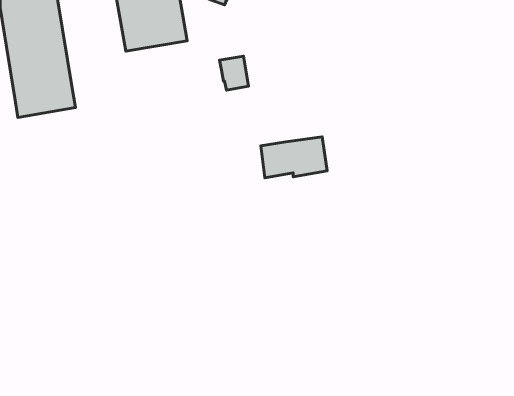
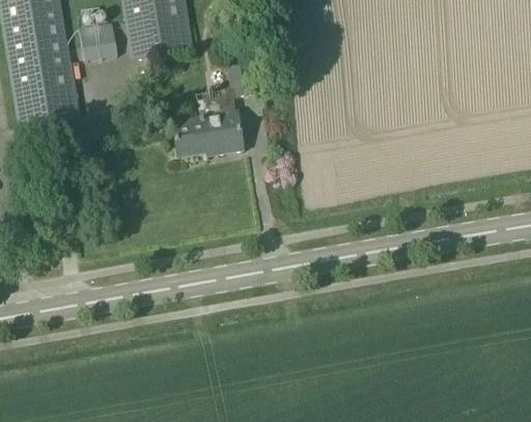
building: none -> [78,20,115,59]
building: [261,137,327,178] -> [173,111,242,153]

